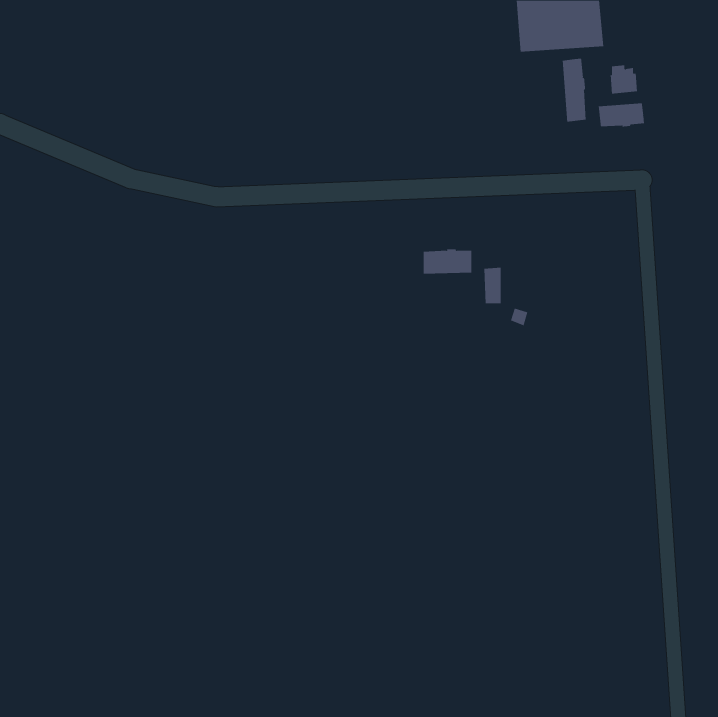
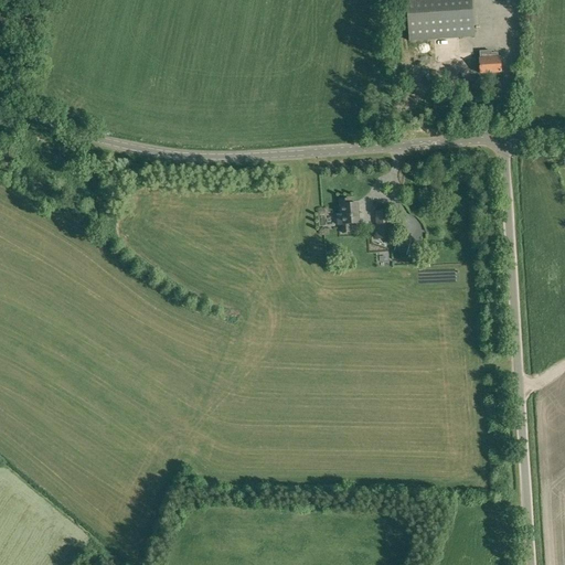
building: [562,58,586,123] -> none
building: [598,102,645,128] -> none

